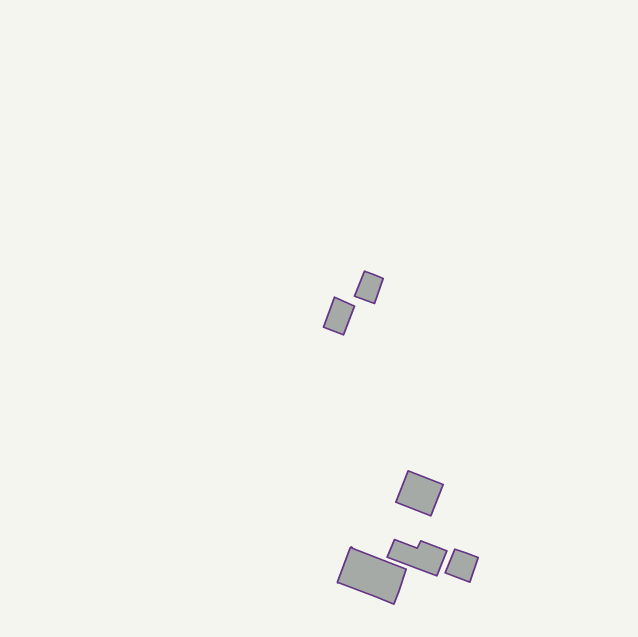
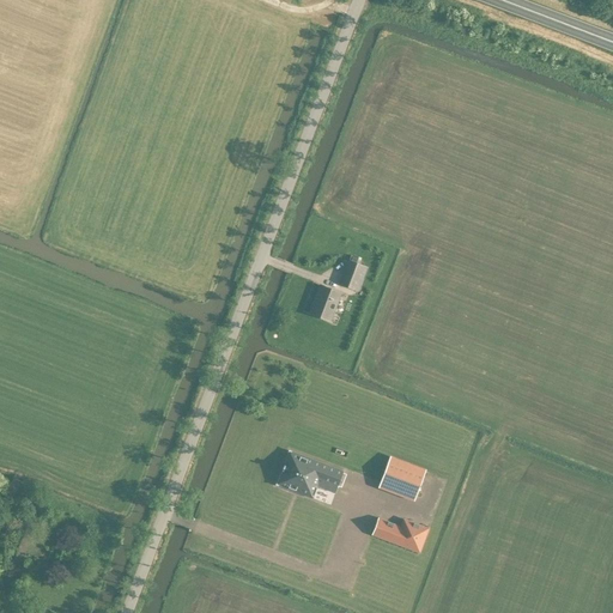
building: [338,547,406,604] -> [277,451,342,506]
building: [445,549,478,582] -> none

